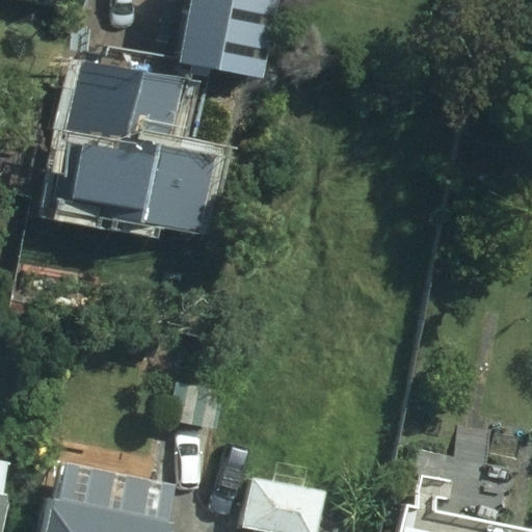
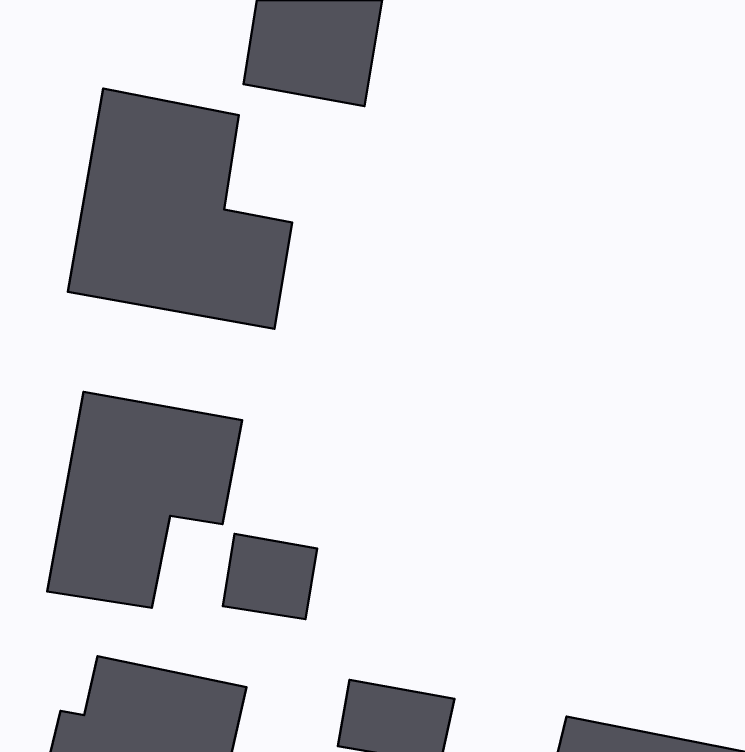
building: none -> [47,392,242,608]

